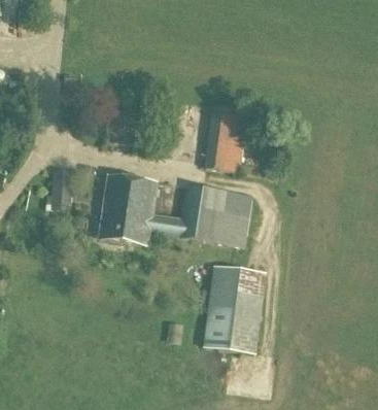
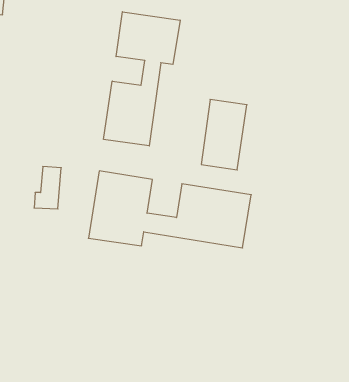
building: none -> [104,12,180,146]
building: [203,265,267,352] -> none

